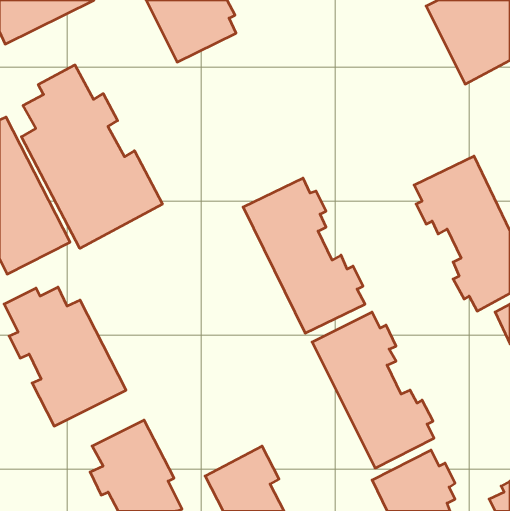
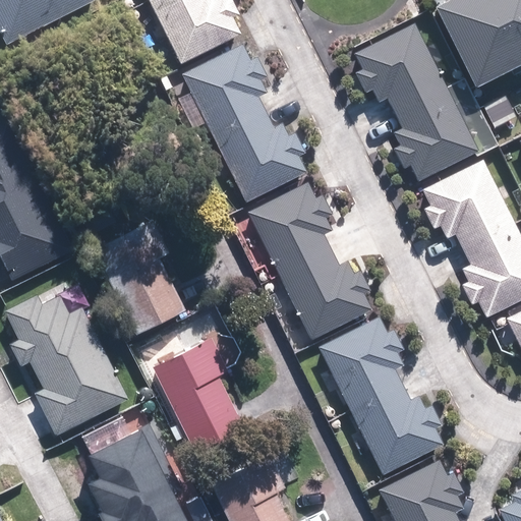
building: none -> [353,24,477,182]
building: none -> [182,44,306,201]
building: [21,65,162,248] -> none
building: none -> [94,220,186,334]
building: none -> [152,337,244,451]

